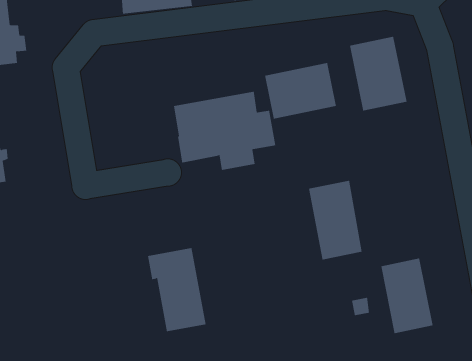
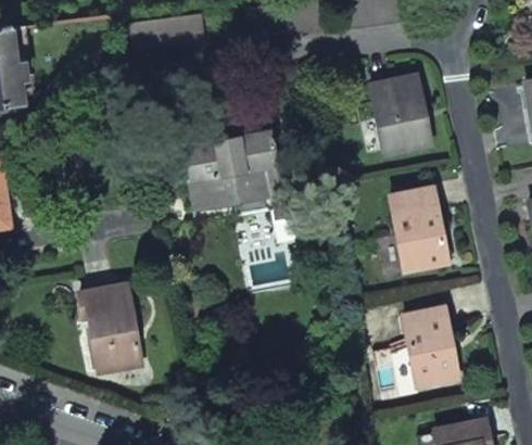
building: [264,62,336,120] -> none
building: [308,180,362,260] -> [390,188,446,271]
building: [147,248,207,332] -> [79,284,141,372]

